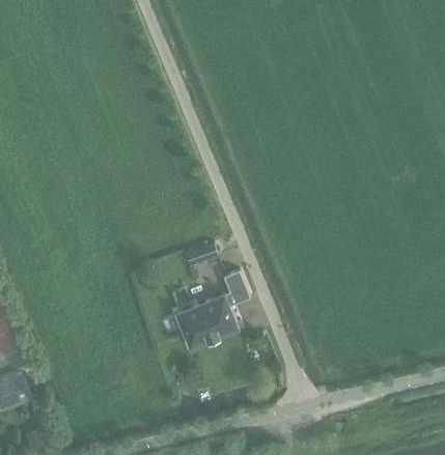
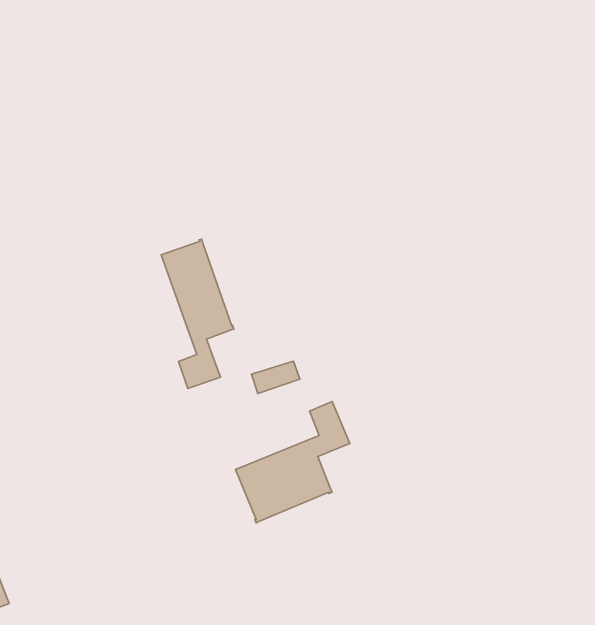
building: none -> [161,239,234,389]

